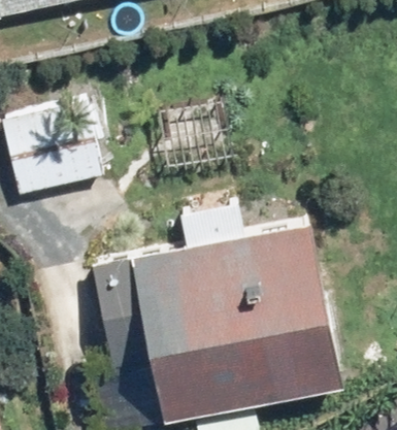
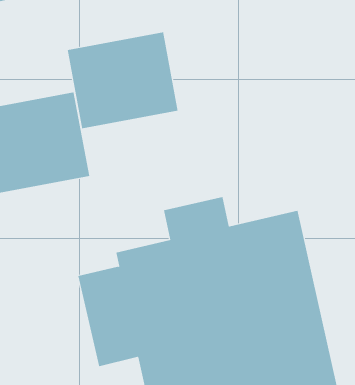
building: none -> [67,32,178,129]

